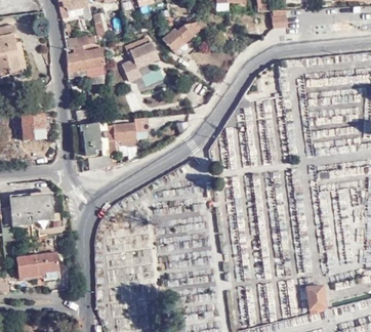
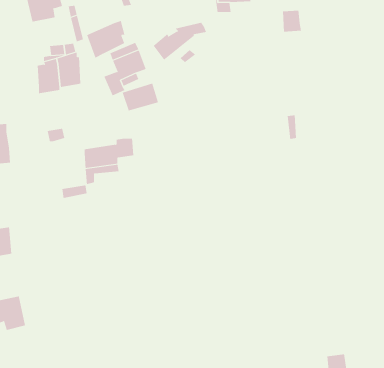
building: none -> [87,20,125,59]
building: [79,120,107,155] -> none

